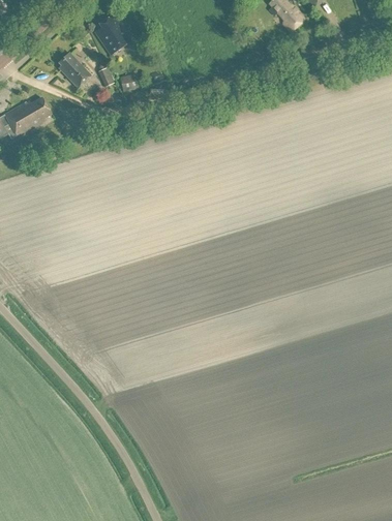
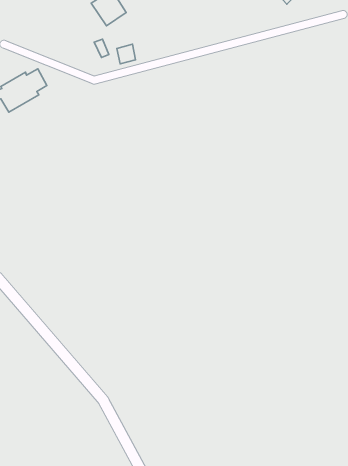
building: [58,52,90,86] -> none

